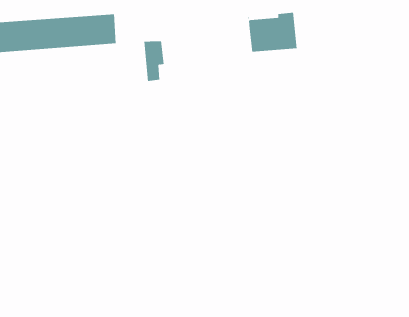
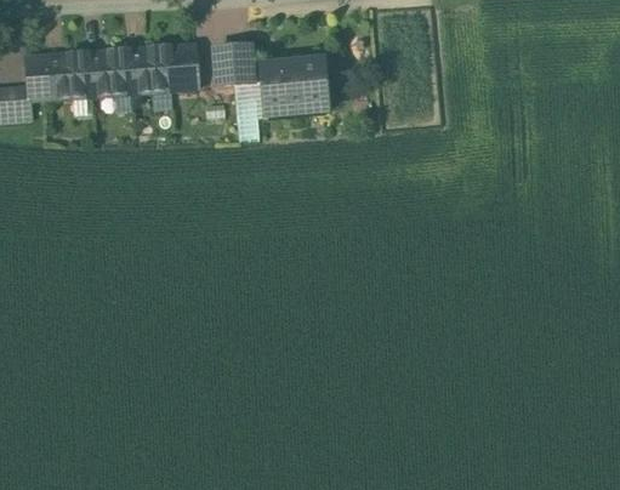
building: [248,12,297,52] -> [260,57,329,113]
building: none -> [215,42,254,84]

